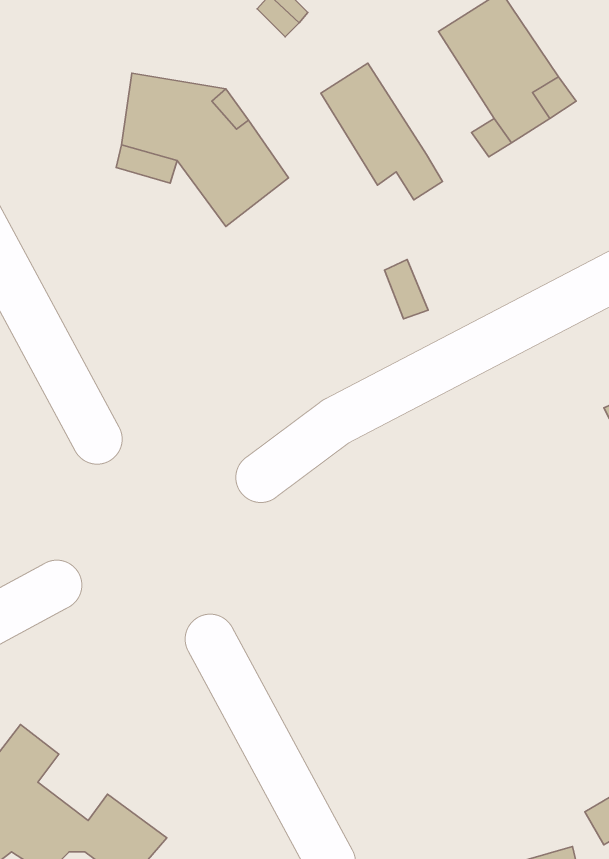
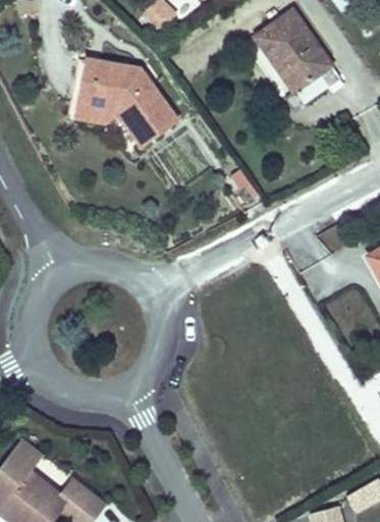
building: [321,63,442,200] -> none

